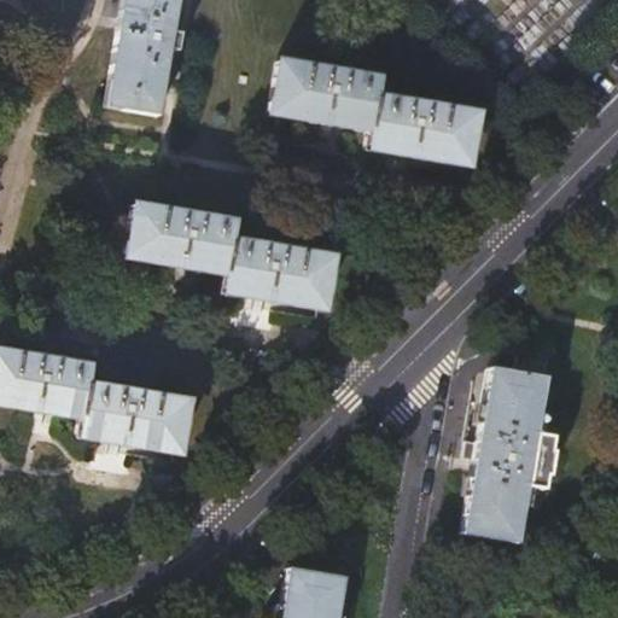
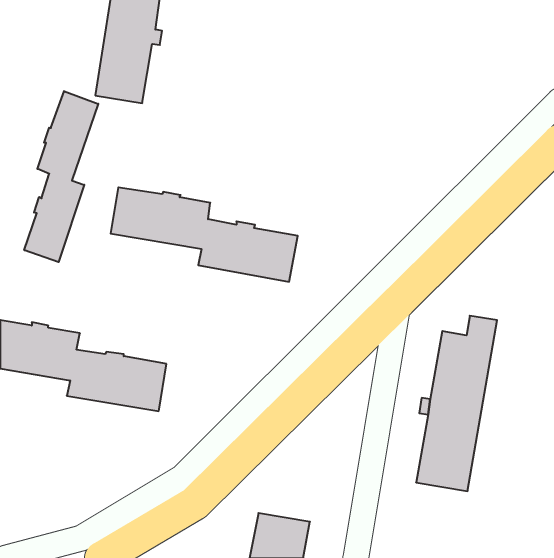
building: [273,63,479,165] -> none
building: none -> [24,91,98,262]

